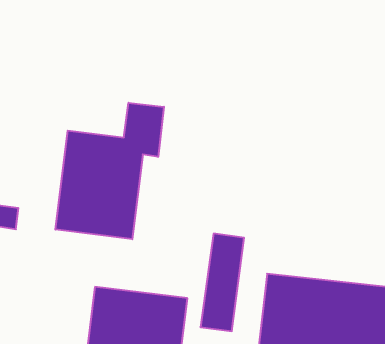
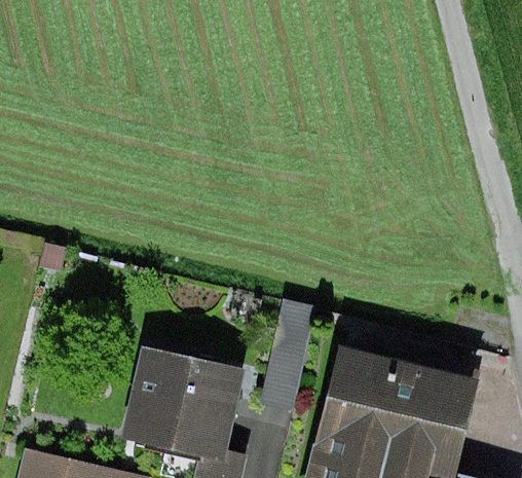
building: [55,103,164,239] -> none

